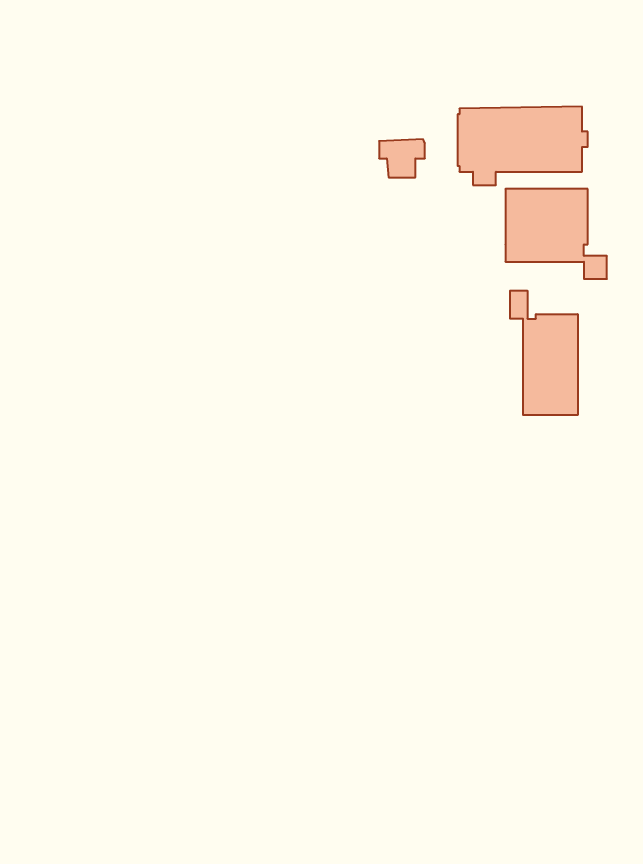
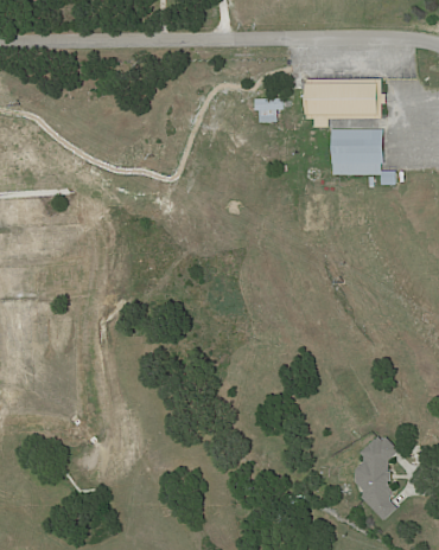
building: [510,291,578,415] -> none
building: none -> [352,436,396,520]

